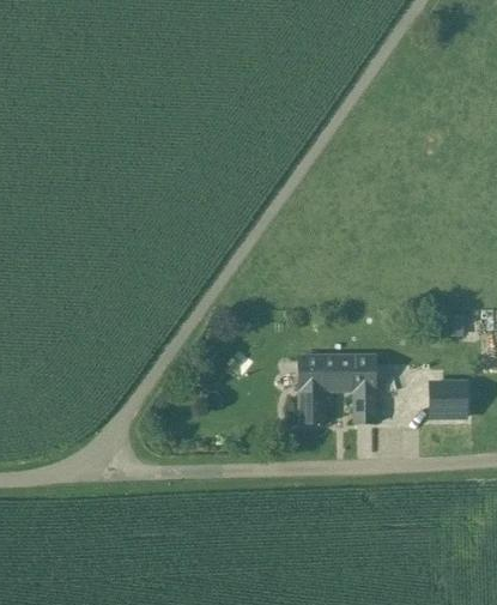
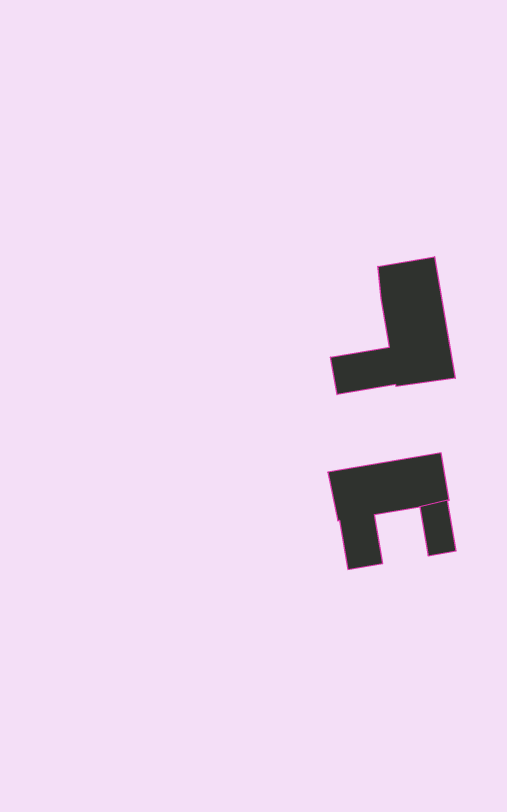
building: none -> [331,257,455,395]

